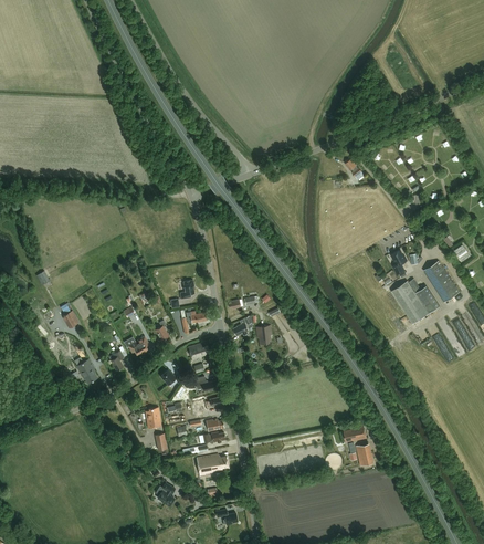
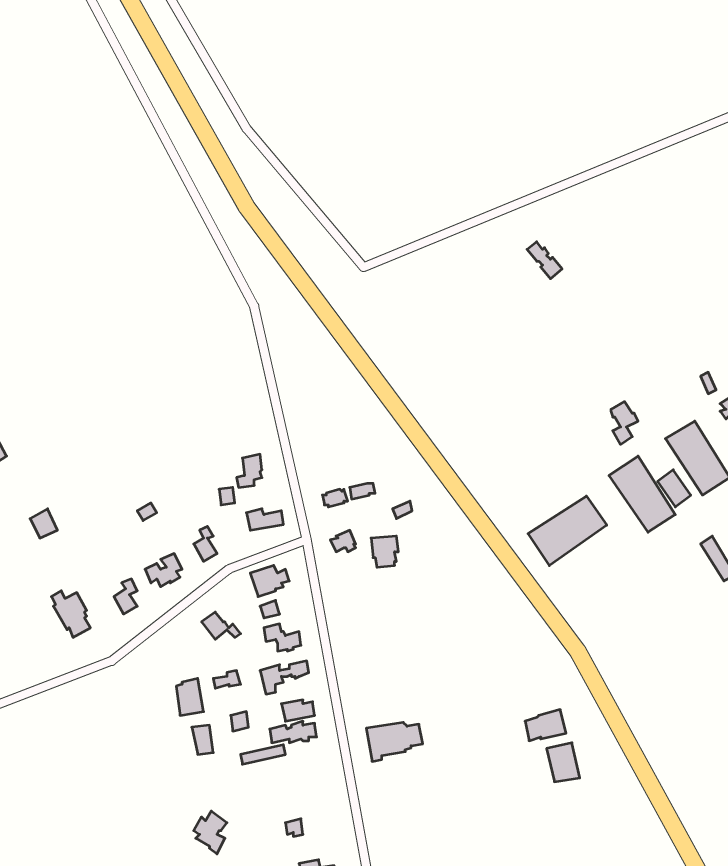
building: none -> [528,496,607,566]
building: [197,454,229,477] -> [366,722,423,761]

